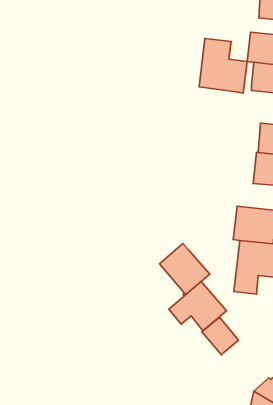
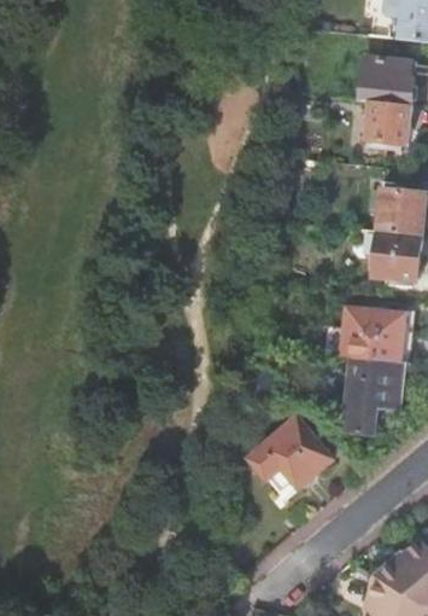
building: [199,38,247,93] -> none
building: [160,243,210,296] -> none
building: [202,318,239,355] -> none

